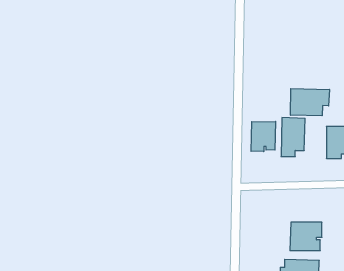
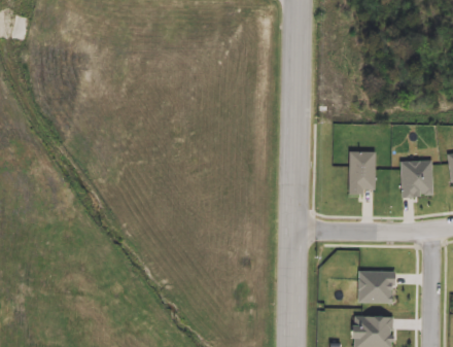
building: [291,89,329,116] -> none
building: [251,121,276,152] -> none

